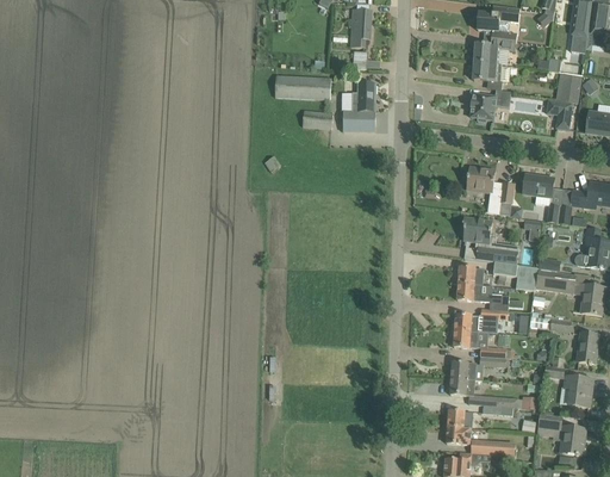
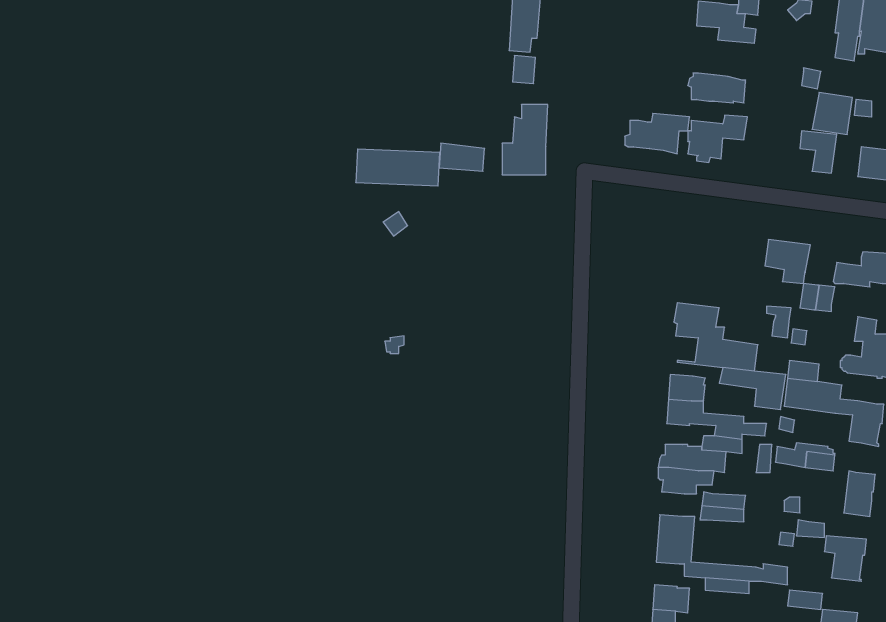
building: [472,38,516,66] -> [625,113,690,154]
building: [274,74,331,99] -> [356,149,440,186]
building: [466,167,513,216] -> none

